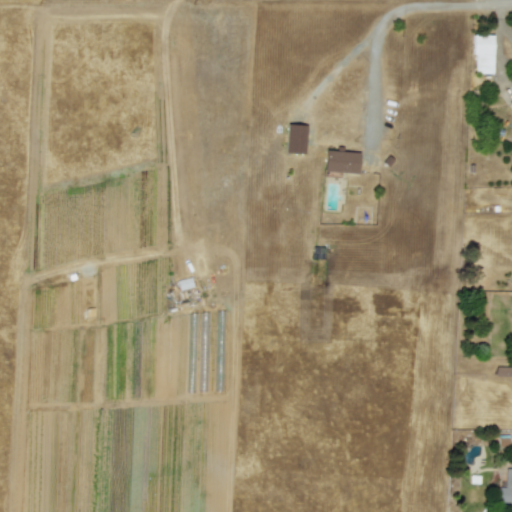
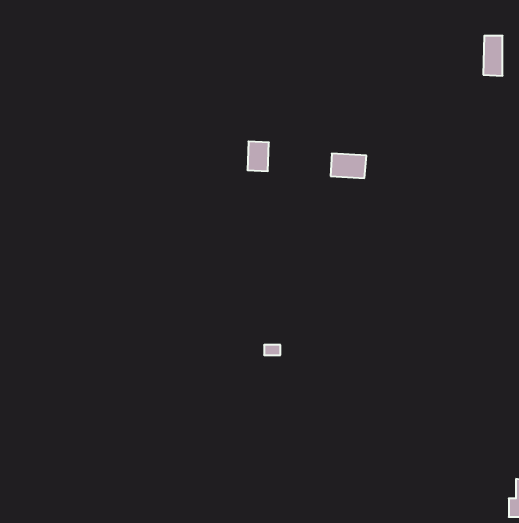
building: [288,124,309,153] -> [247,141,269,171]

